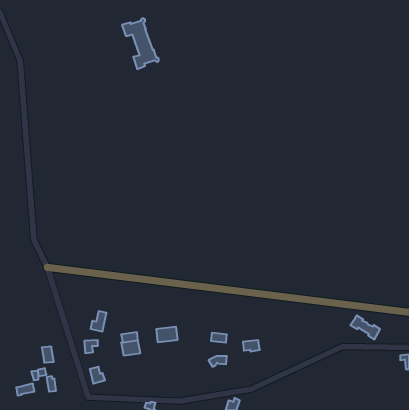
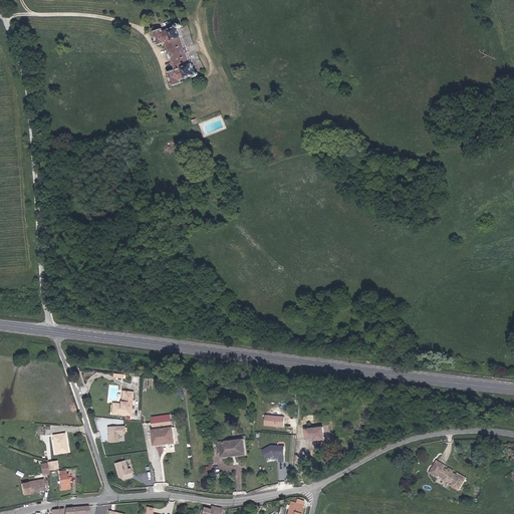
building: [350,315,380,339] -> [427,461,464,491]
building: [156,327,178,342] -> [219,438,246,457]

